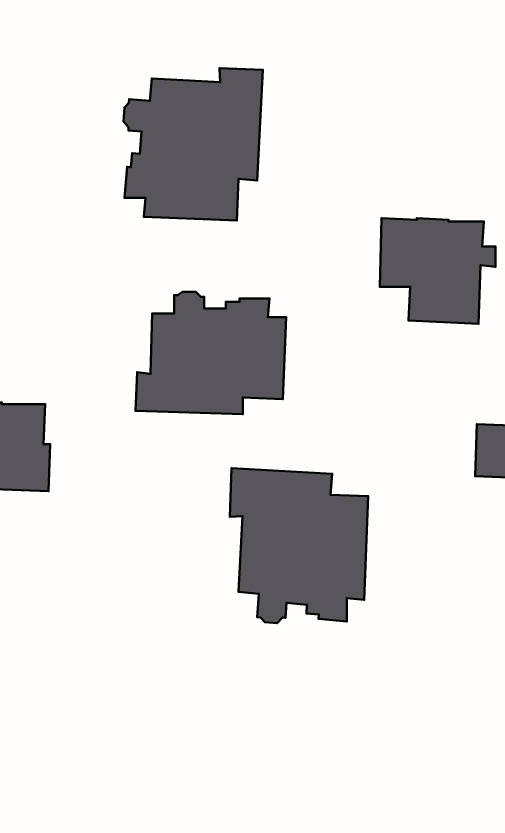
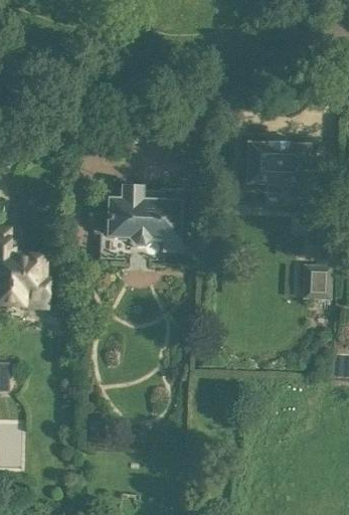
building: [123,68,263,221] -> none
building: [230,468,368,623] -> none

